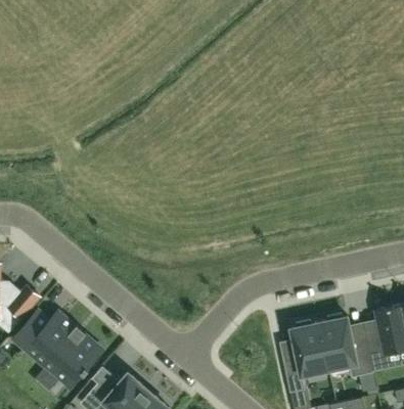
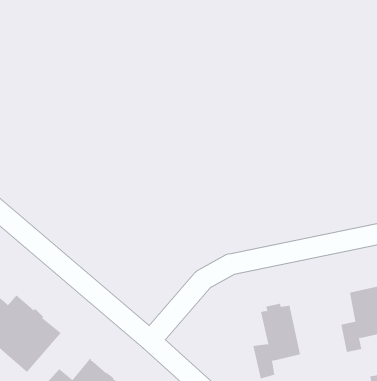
building: [318,315,372,379] -> none

